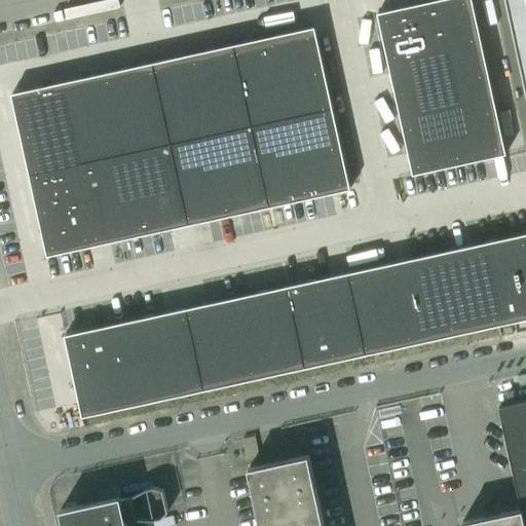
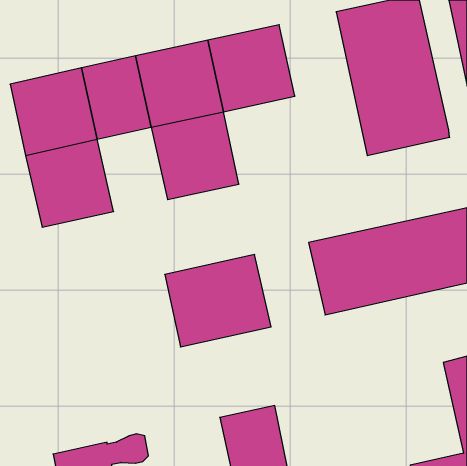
building: [251,110,349,209] -> none
building: [109,145,188,239] -> none
building: [286,274,365,369] -> none
building: [65,310,202,417] -> none

